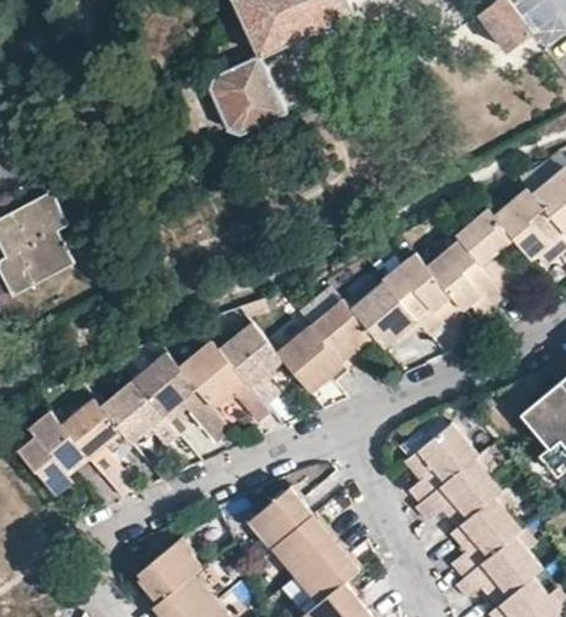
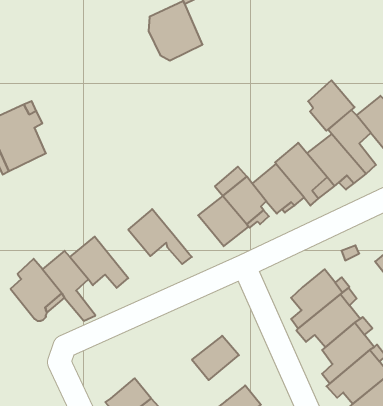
building: none -> [308,80,355,131]
building: [221,321,285,402] -> none
building: [136,352,228,436] -> none
building: [248,489,310,547] -> none
building: [137,539,199,600] -> none
building: [292,541,356,602] -> none

